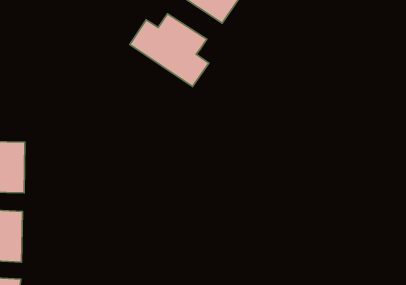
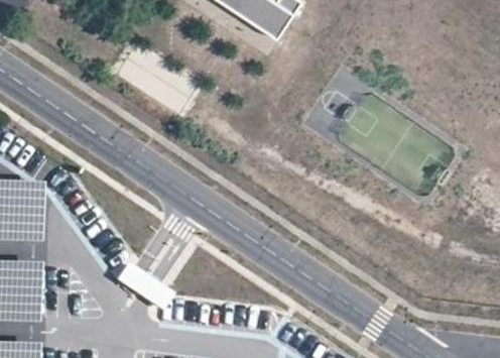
building: [130,14,209,86] -> none

